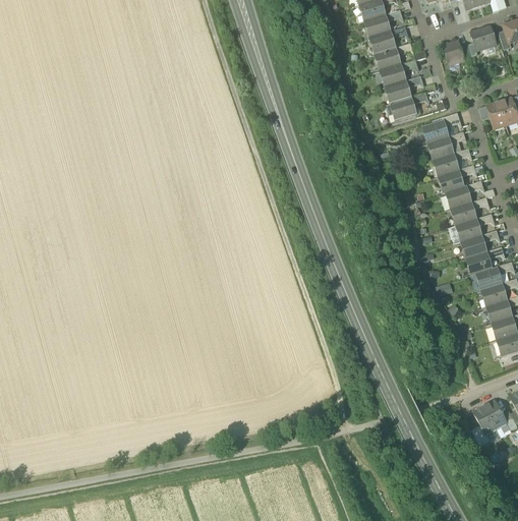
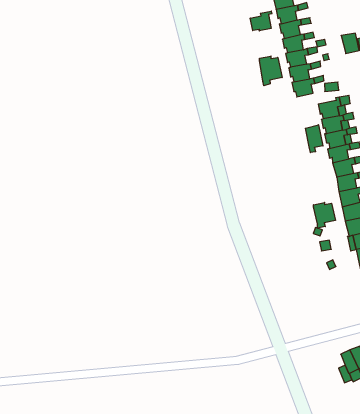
building: none -> [250,11,272,31]
building: none -> [260,56,282,86]
building: none -> [305,125,323,153]
building: none -> [314,202,335,228]

